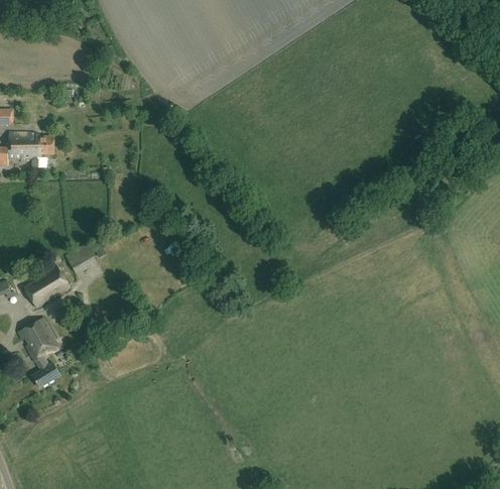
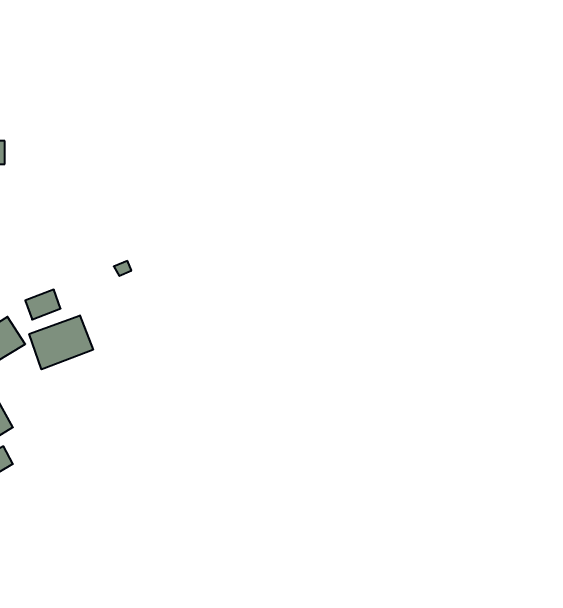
building: none -> [29,315,93,369]

